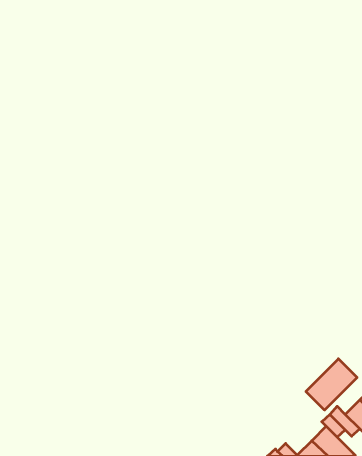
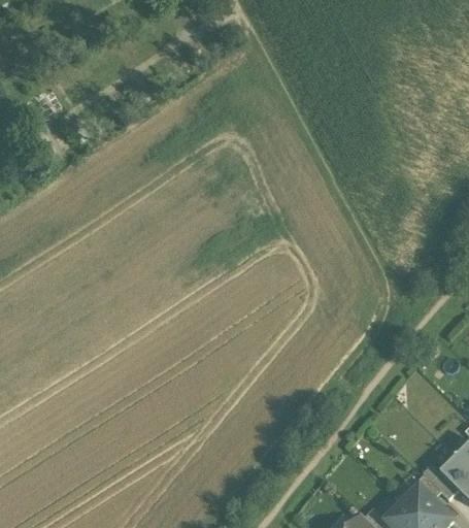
building: [306,359,357,410] -> none

